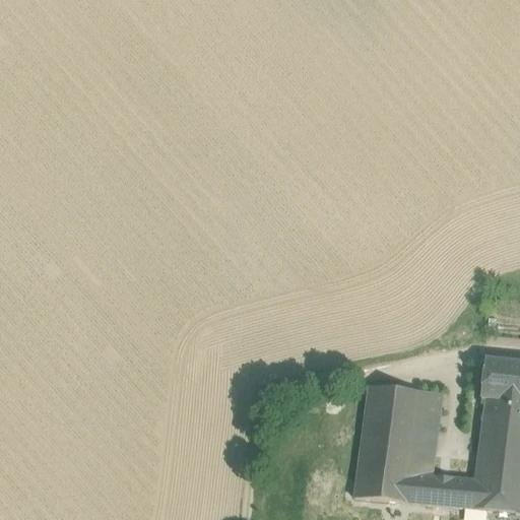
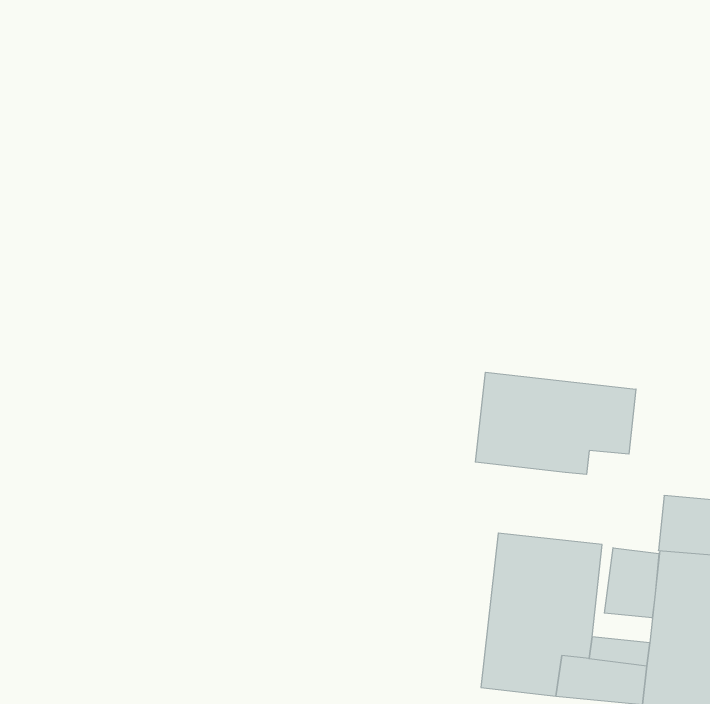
building: none -> [475,372,636,474]
building: none -> [604,548,659,618]

